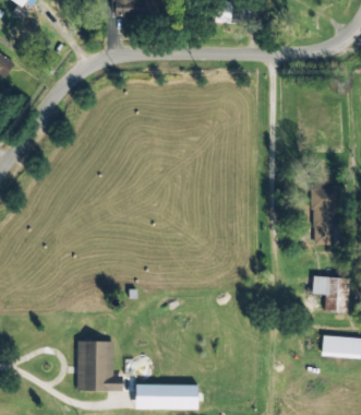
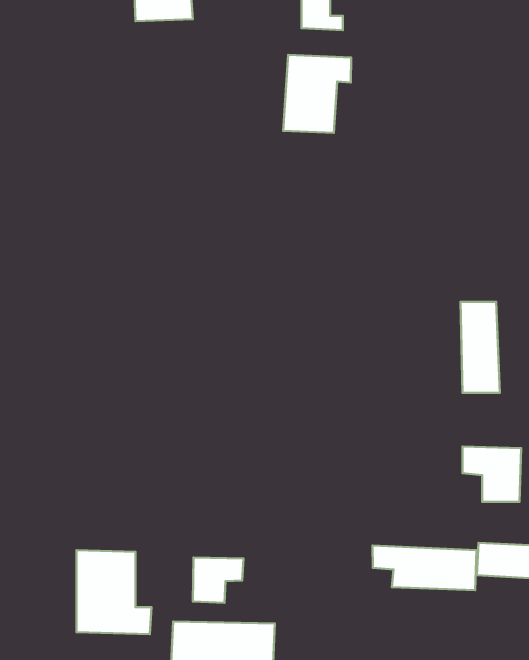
building: none -> [283,55,351,133]
building: none -> [372,545,476,590]
building: none -> [193,558,243,603]

